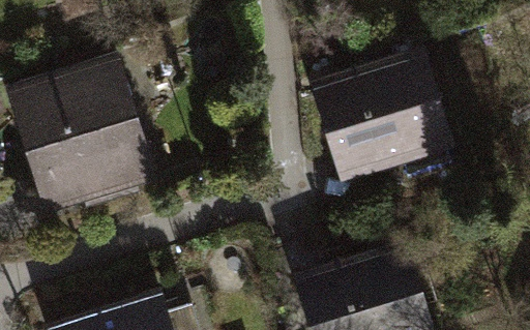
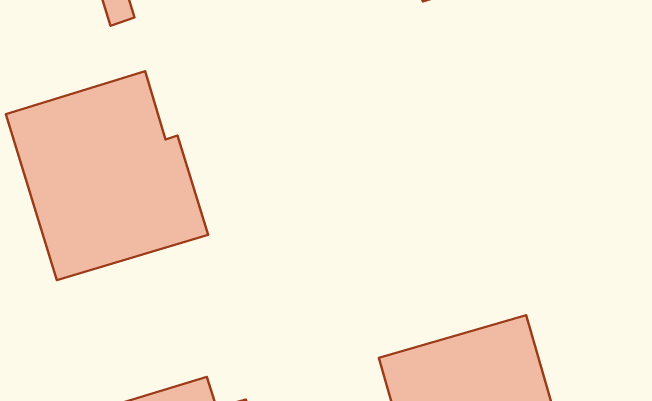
building: [311,51,454,179] -> none

